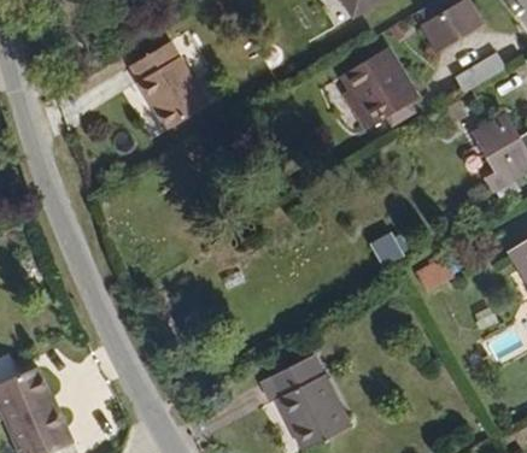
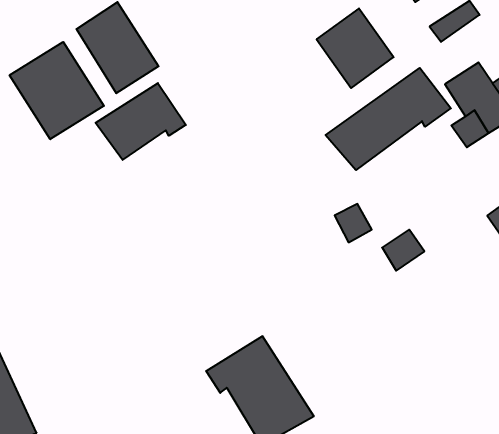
building: none -> [10,42,104,139]
building: none -> [326,68,451,170]
building: none -> [96,83,186,160]

